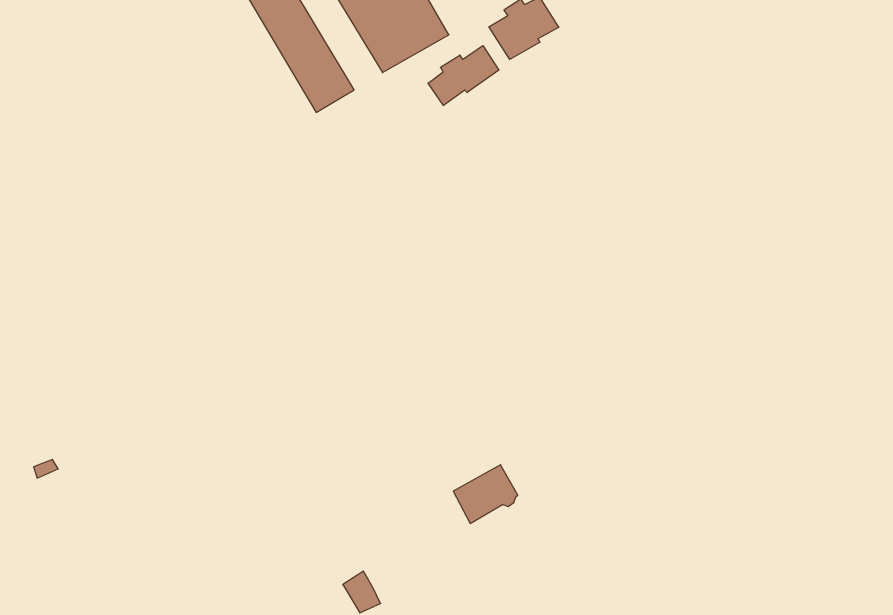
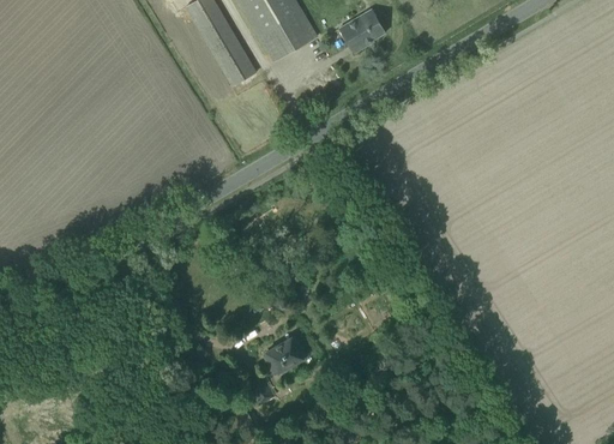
building: [428,46,499,106] -> none
building: [453,465,518,523] -> [264,336,305,373]

